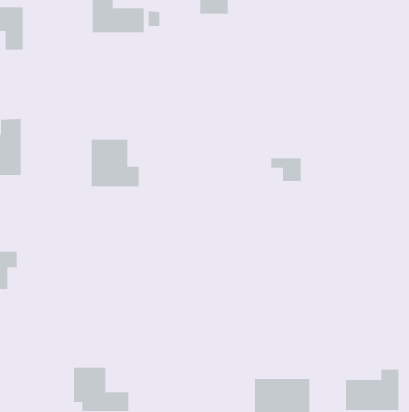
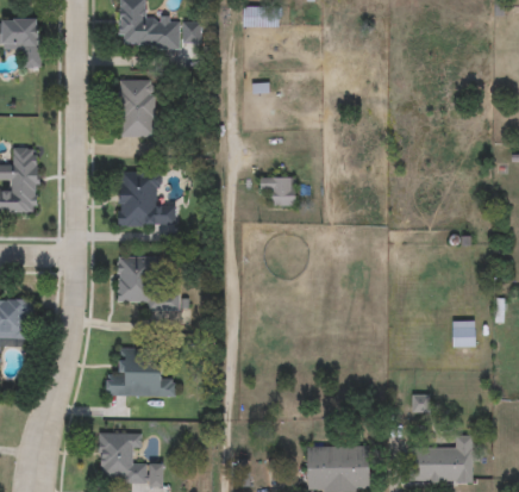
building: none -> [118,80,155,137]
building: [271,158,302,182] -> [260,178,295,205]
building: none -> [117,256,179,310]
building: none -> [451,320,475,345]
building: none -> [105,359,175,398]

